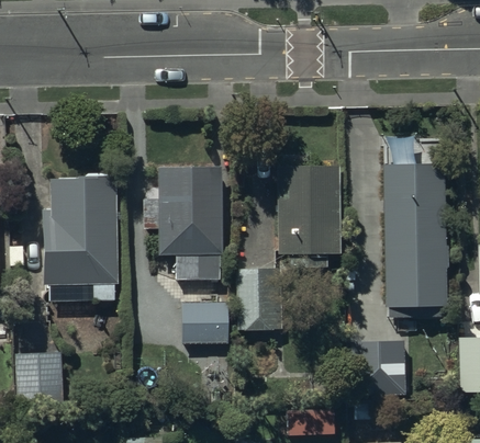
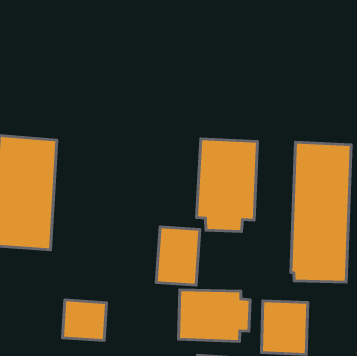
building: [144,166,222,279] -> none
building: [181,300,227,342] -> [62,300,107,340]
building: none -> [178,290,250,341]

